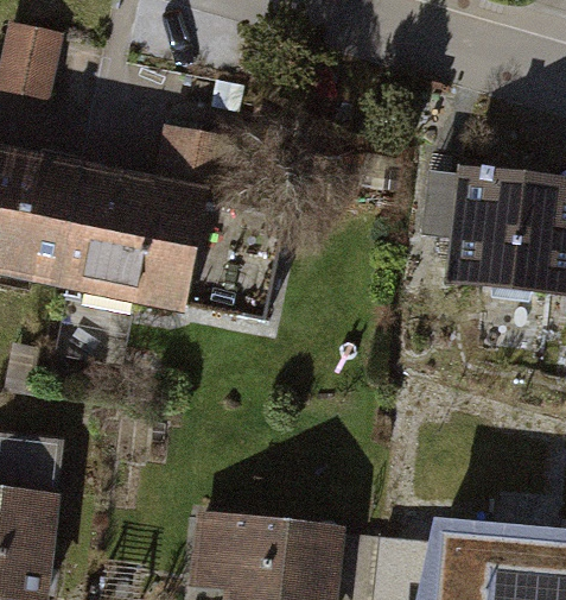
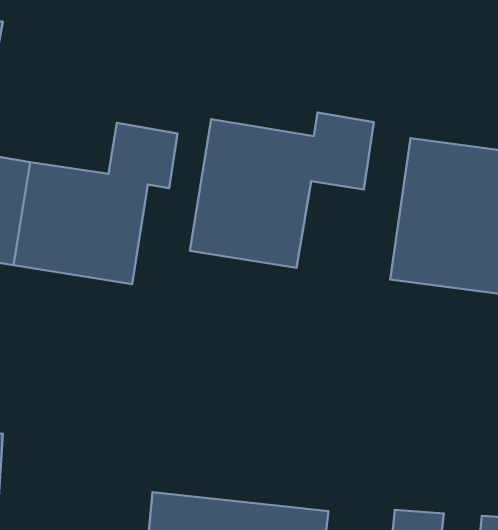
building: none -> [190,113,374,268]

